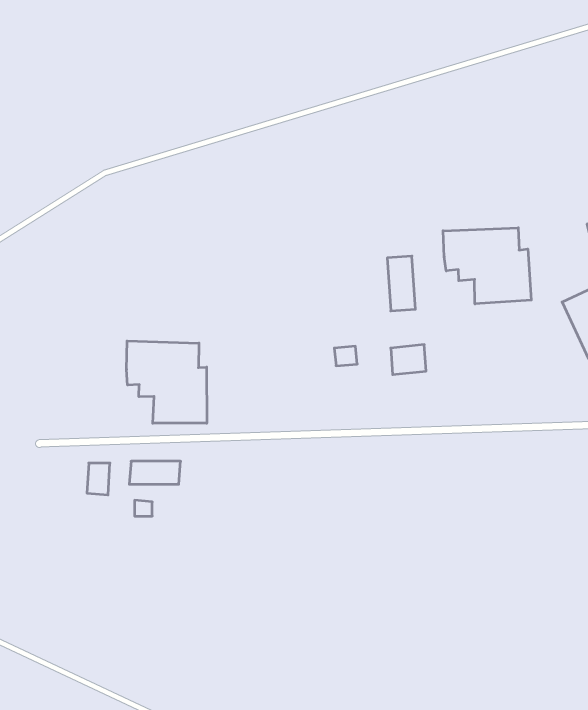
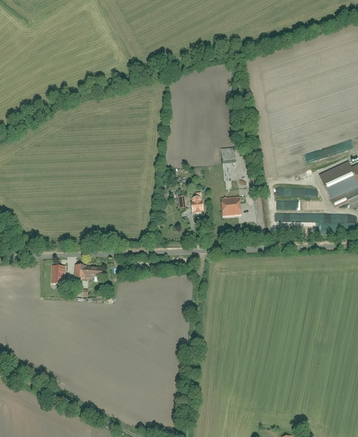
building: [443,228,531,304] -> none
building: [127,341,207,423] -> none

